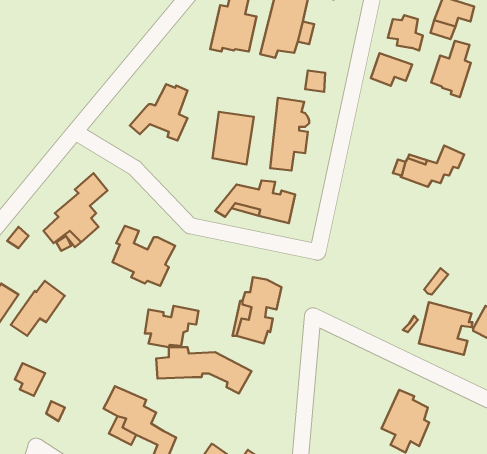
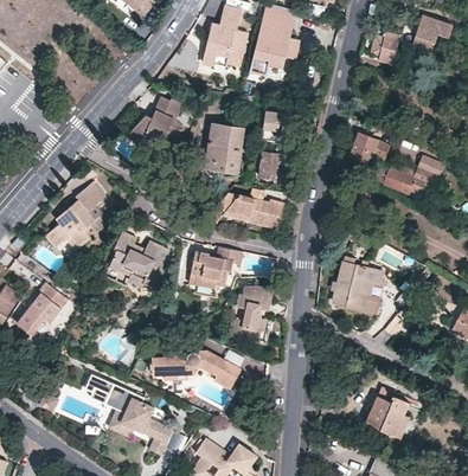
building: [431,41,471,97] -> none
building: [371,53,412,86] -> [350,133,389,163]
building: [419,302,473,355] -> [333,262,384,311]
building: [145,306,199,347] -> [191,247,242,287]
building: [15,363,45,396] -> [84,373,113,404]

